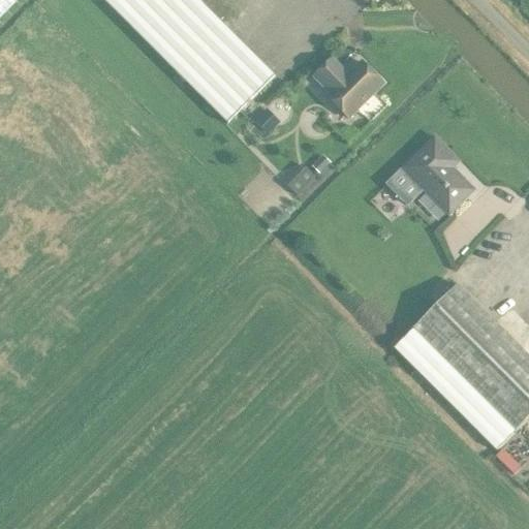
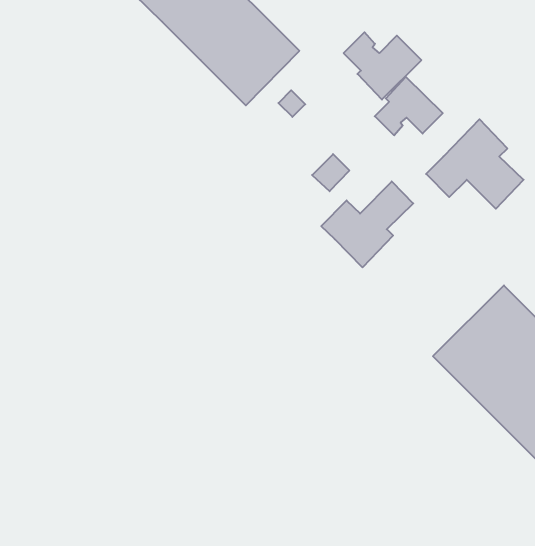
building: none -> [375,77,443,135]
building: none -> [321,181,413,267]

